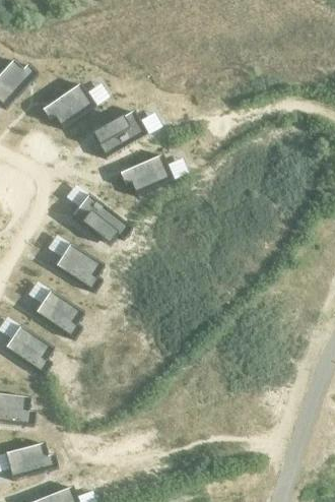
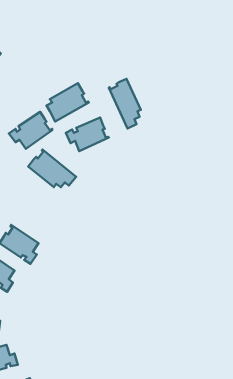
building: [38,81,92,128] -> [9,112,52,149]
building: none -> [109,79,141,128]
building: [52,242,102,292] -> none

